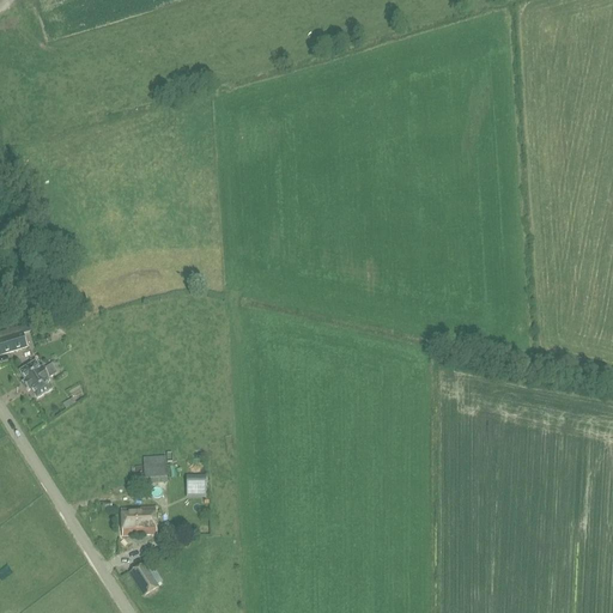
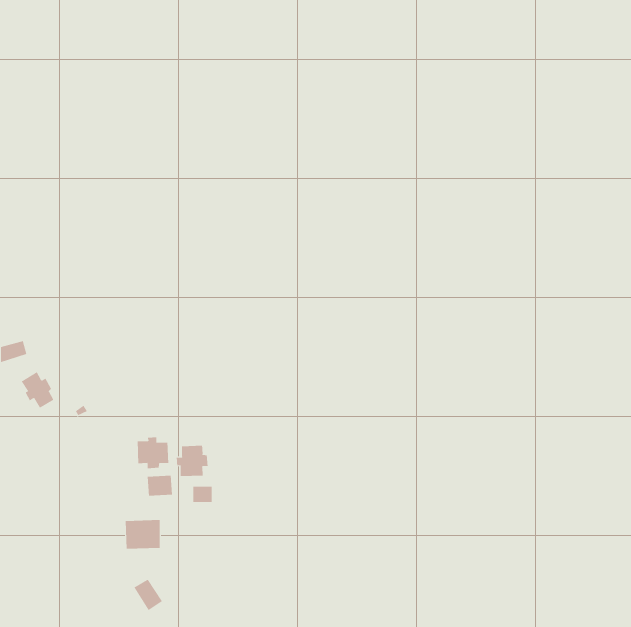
building: none -> [137,436,169,469]
building: none -> [176,445,208,477]

